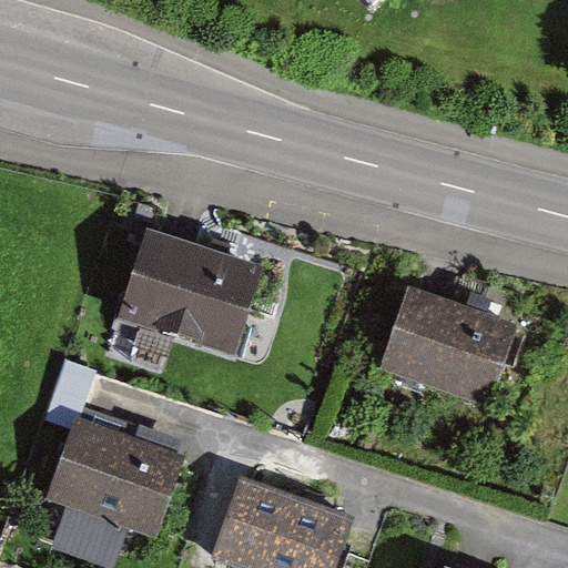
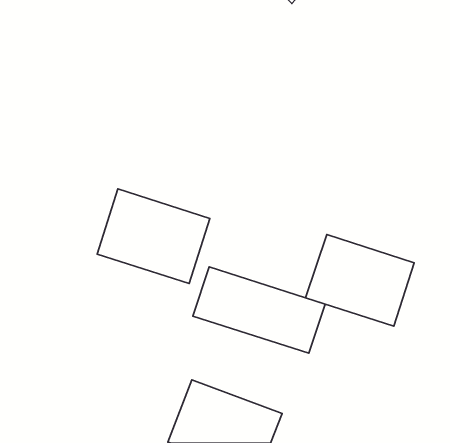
building: none -> [193,267,325,353]
building: [48,419,179,544] -> none

